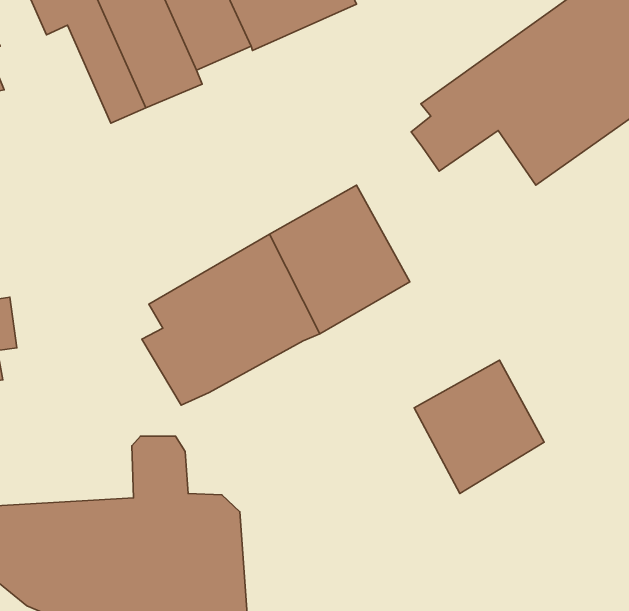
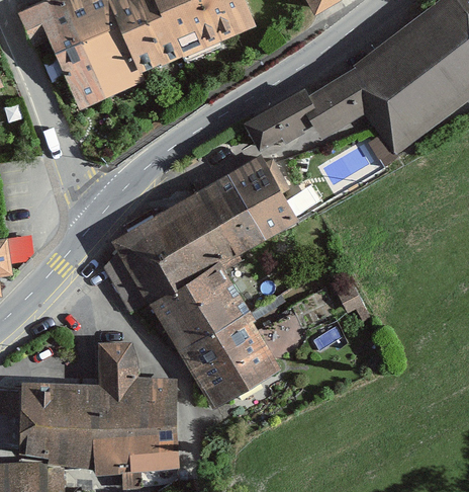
building: none -> [245,90,312,152]
building: none -> [153,267,279,410]
building: [414,360,544,493] -> none

